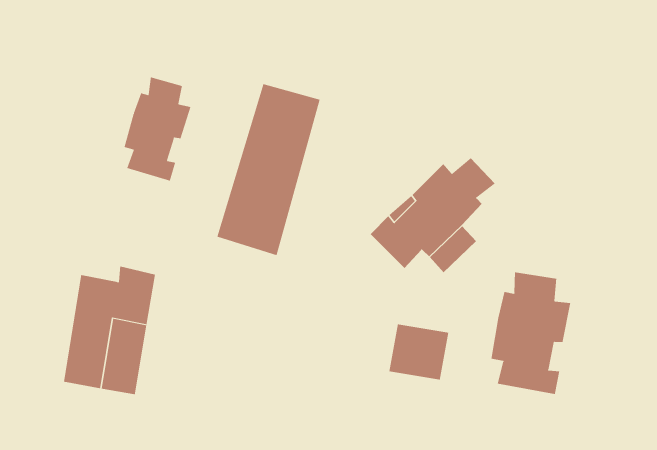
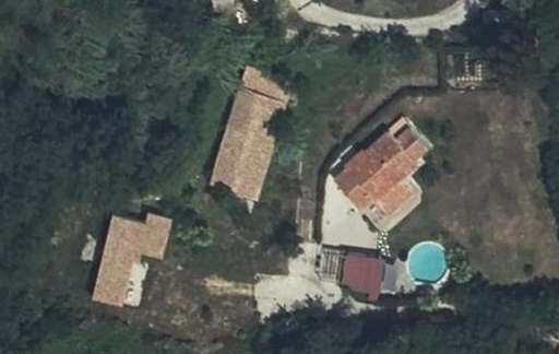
building: [124,77,191,181] -> none
building: [491,271,571,395] -> none

